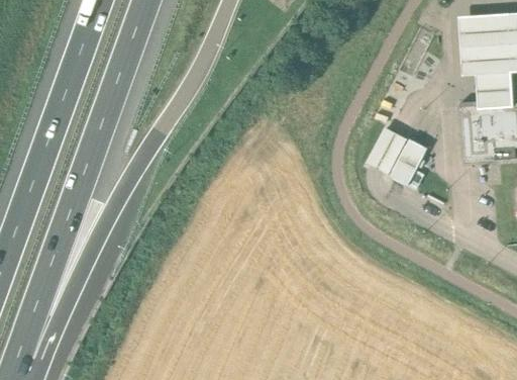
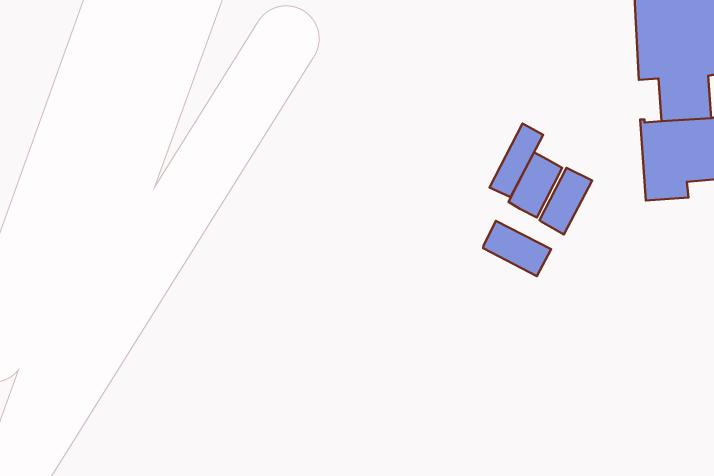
building: none -> [490,123,543,197]
building: none -> [483,221,551,276]

